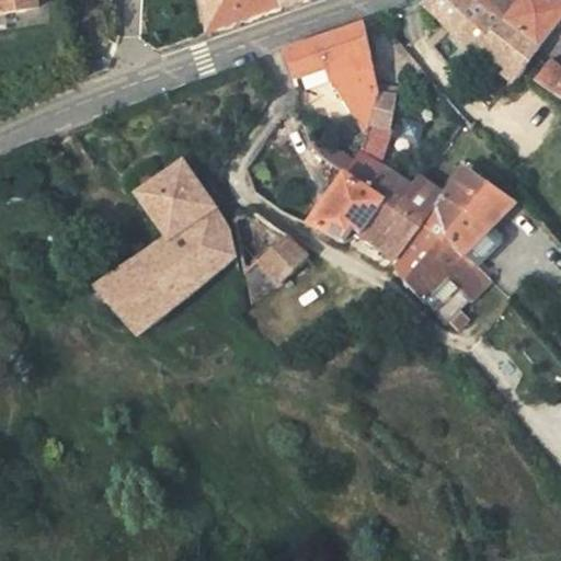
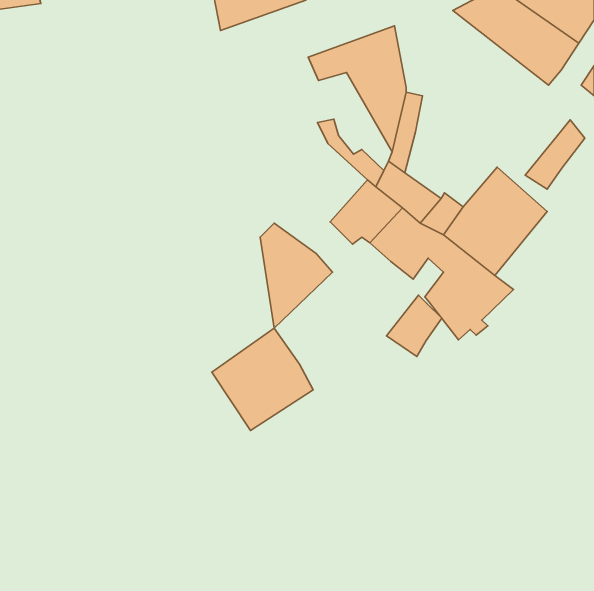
building: none -> [525,120,585,189]
building: [92,156,237,331] -> none
building: none -> [387,295,442,357]
building: none -> [212,328,313,431]

